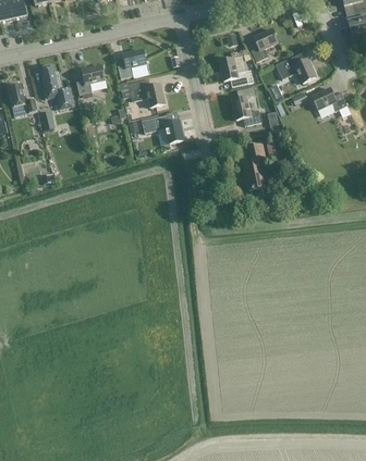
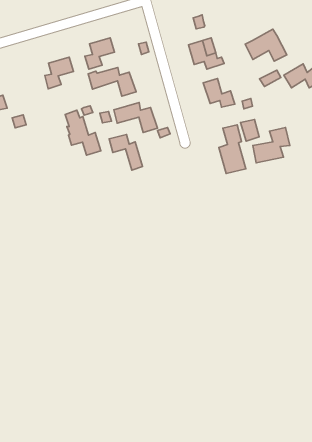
building: [251,28,278,62] -> none
building: [40,64,73,109] -> [65,110,101,155]
building: none -> [109,135,142,170]
building: none -> [253,127,290,163]

